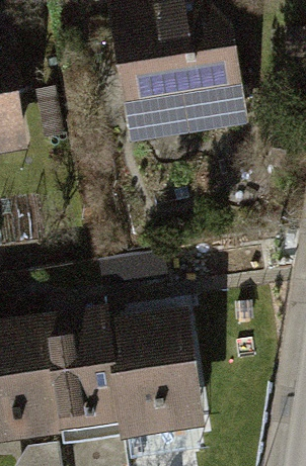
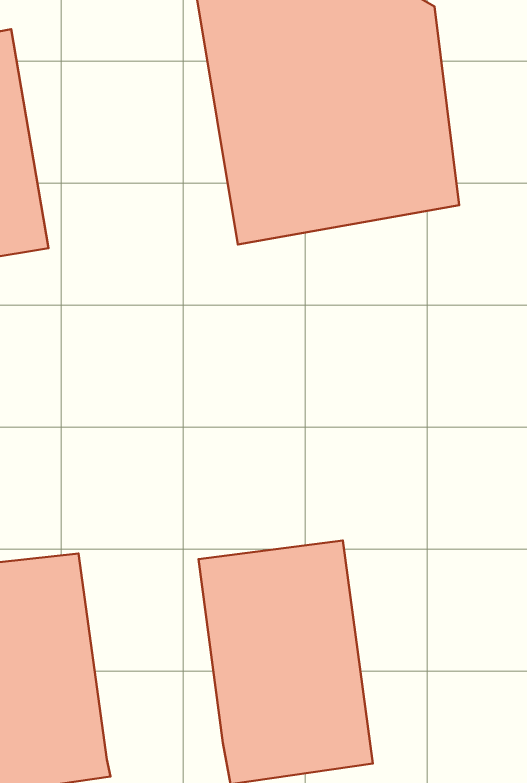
building: [44,304,122,424] -> none

